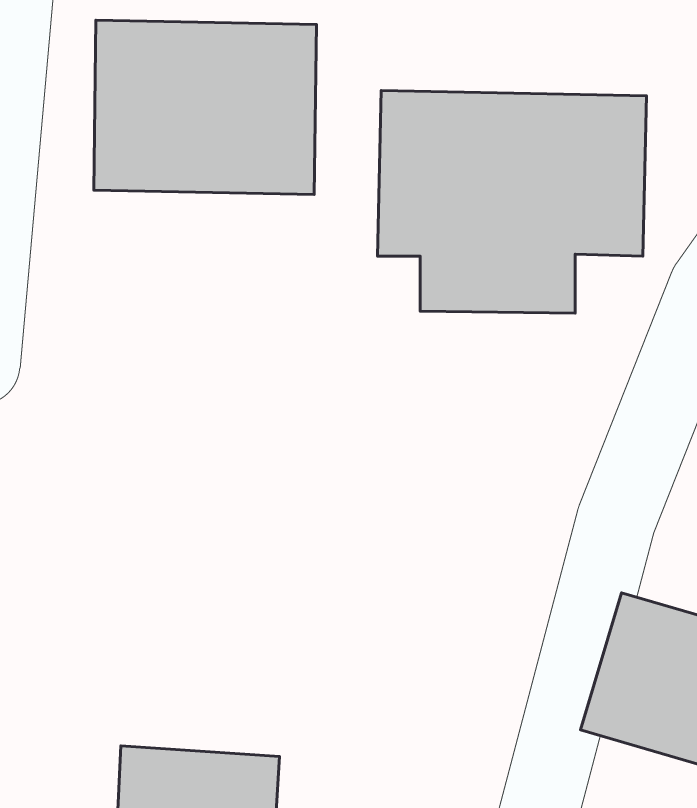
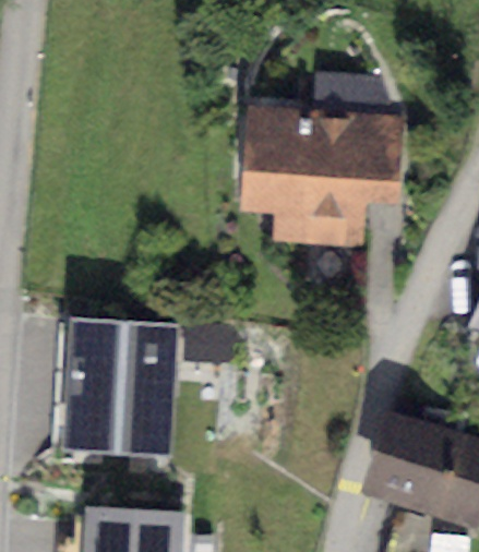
building: [94,20,316,195] -> none
building: none -> [61,321,177,454]

